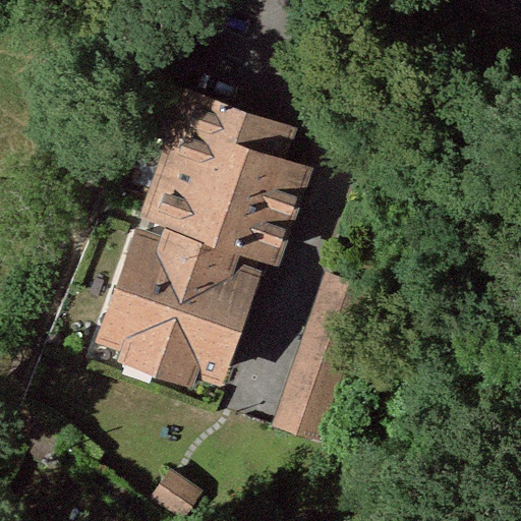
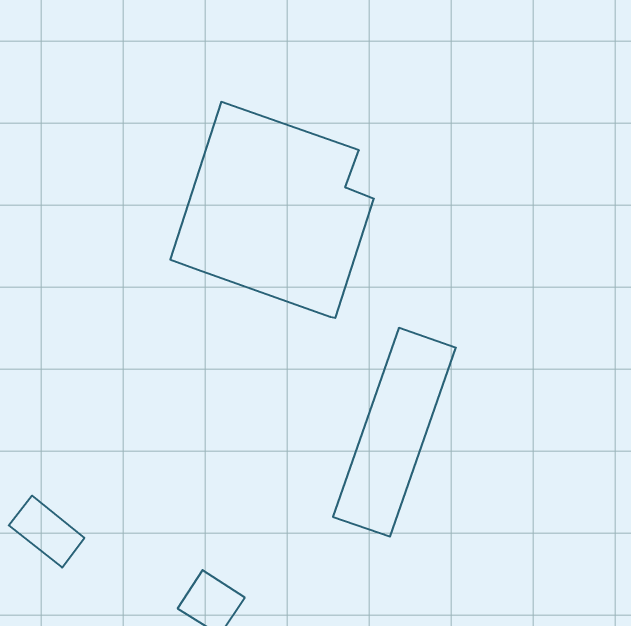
building: [97,228,274,386] -> none

